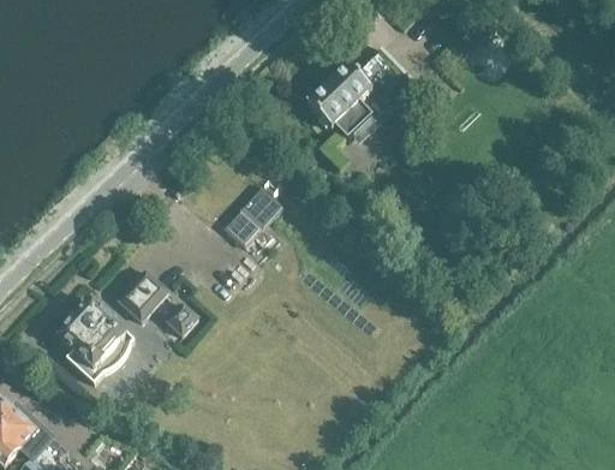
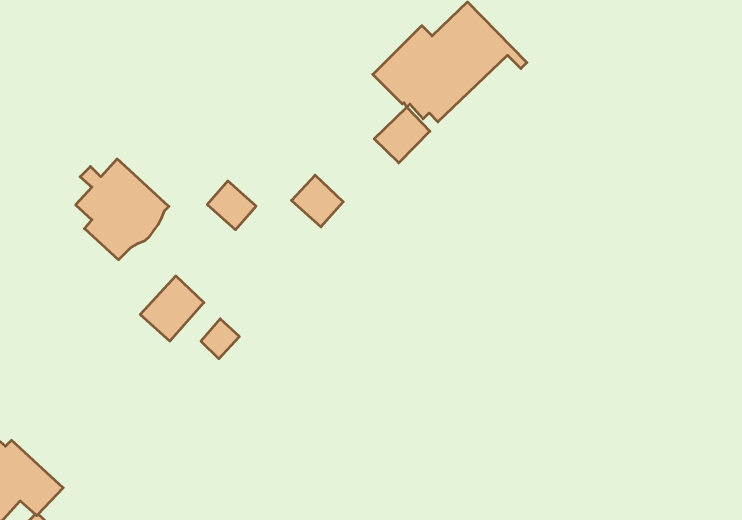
building: none -> [374,107,430,163]
building: [221,207,261,246] -> [207,181,256,230]
building: [58,301,133,382] -> [76,159,169,260]

